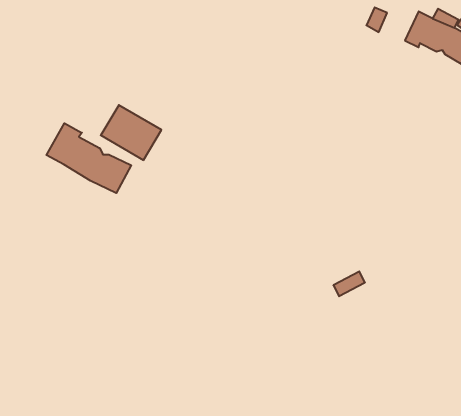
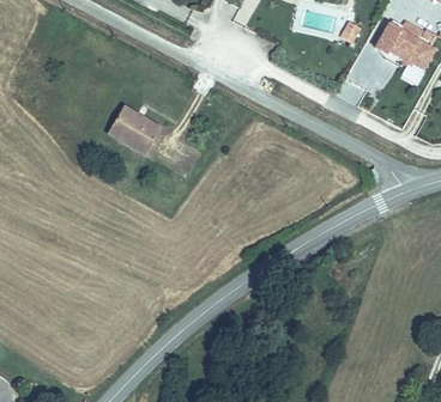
building: [46,123,131,193] -> none

